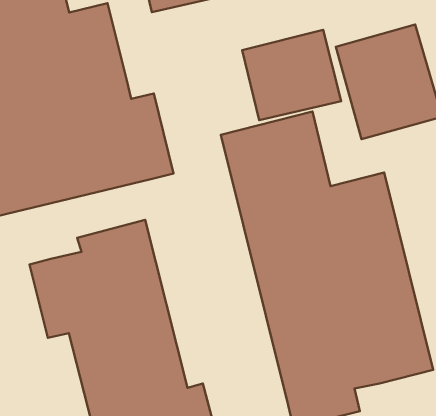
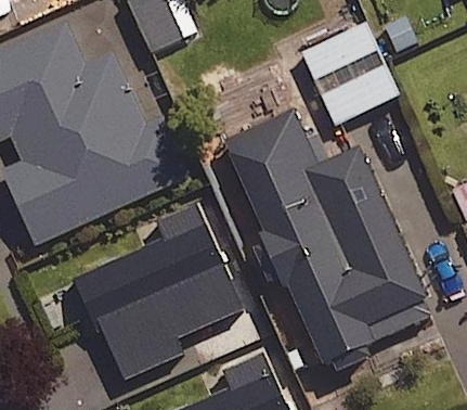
building: [242,30,341,120] -> none

